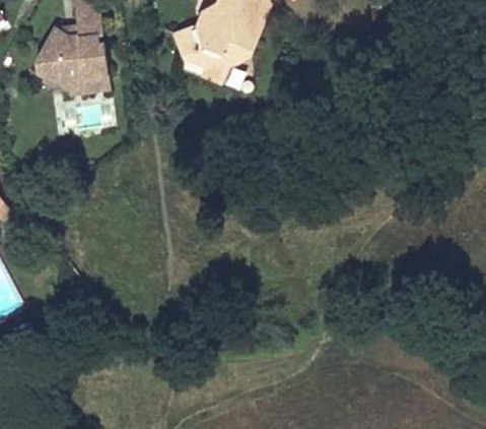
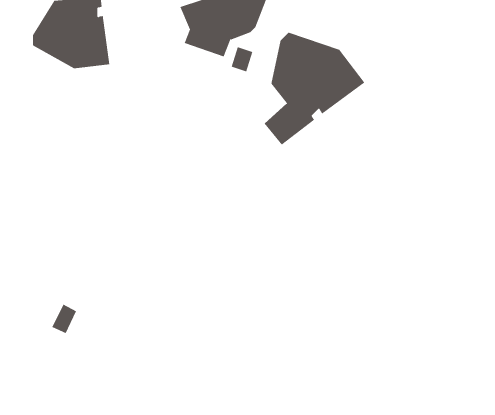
building: none -> [264,32,365,146]

